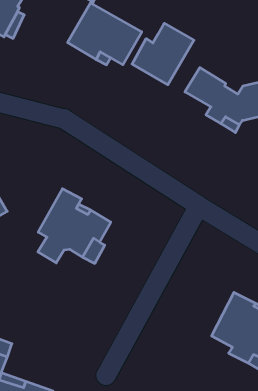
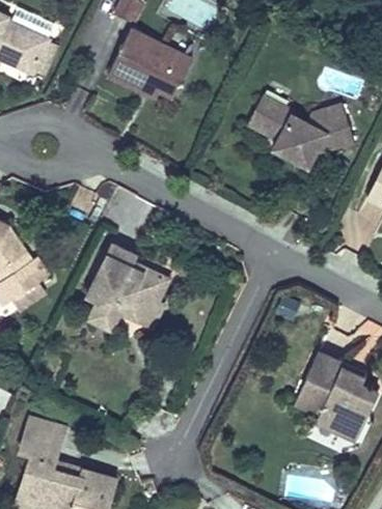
building: [132,23,194,85] -> none

